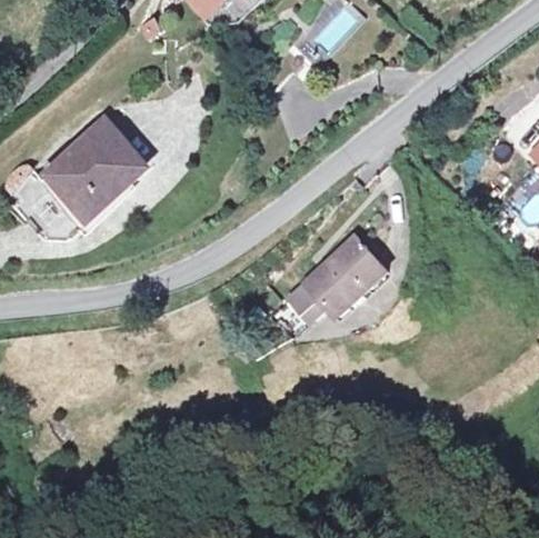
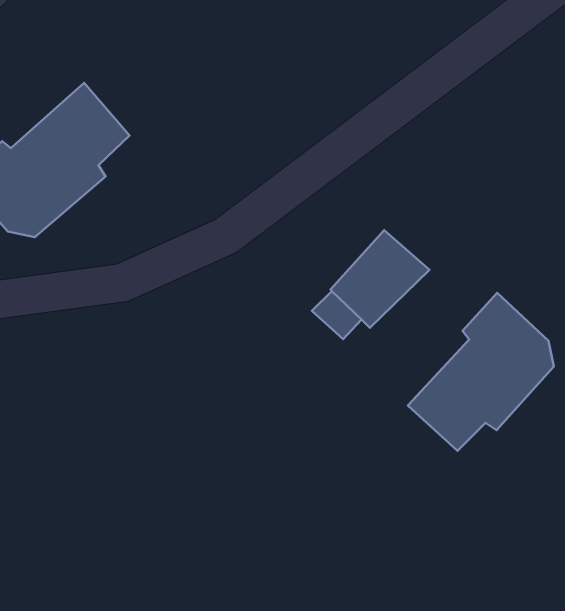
building: none -> [408,293,554,451]

